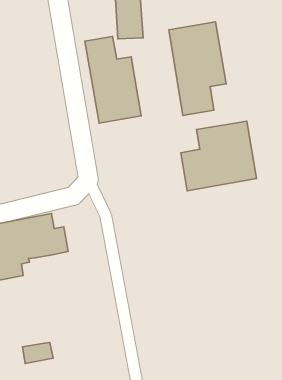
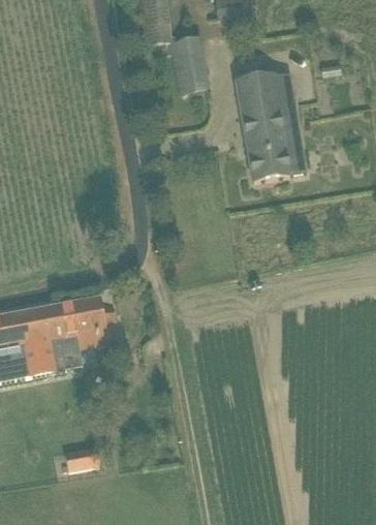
building: [85,37,141,123] -> none
building: [181,121,256,191] -> none

